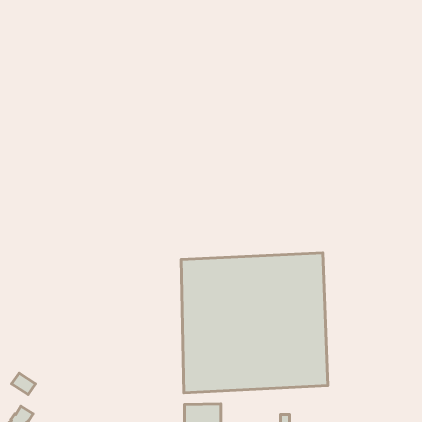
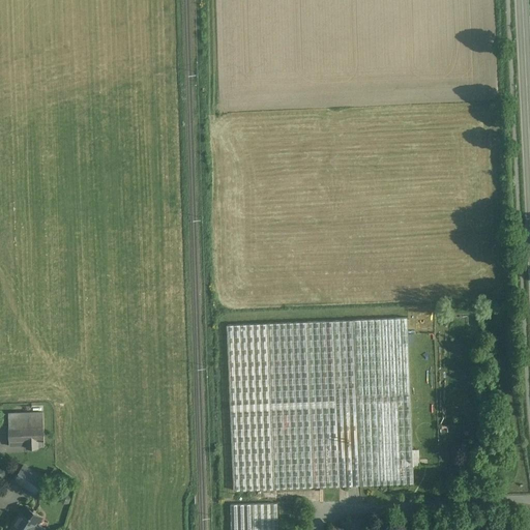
building: none -> [9,414,46,450]

